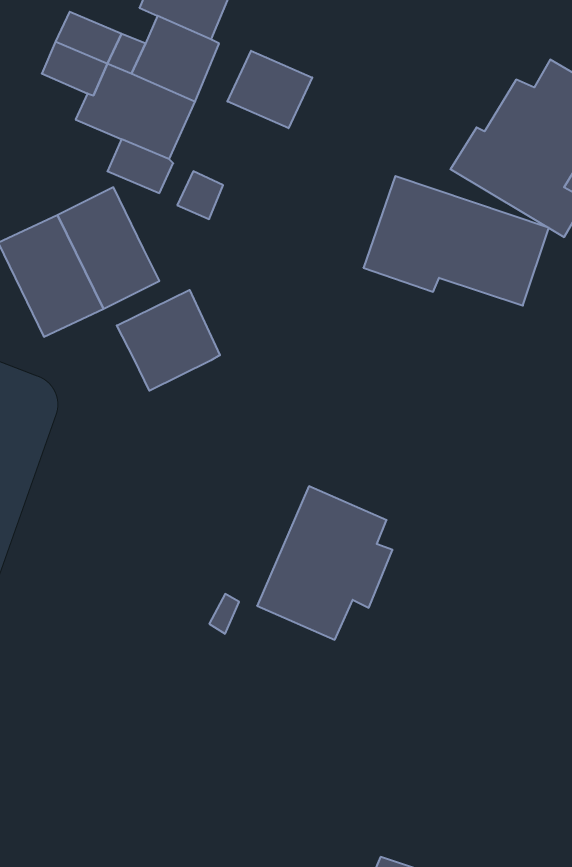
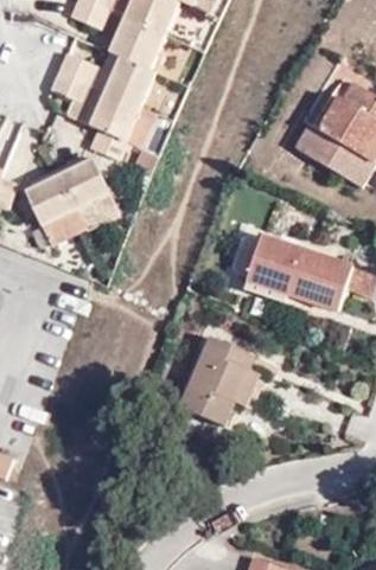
building: [227,51,312,128] -> none
building: [363,176,549,306] -> [242,233,352,310]
building: [117,290,220,391] -> none

